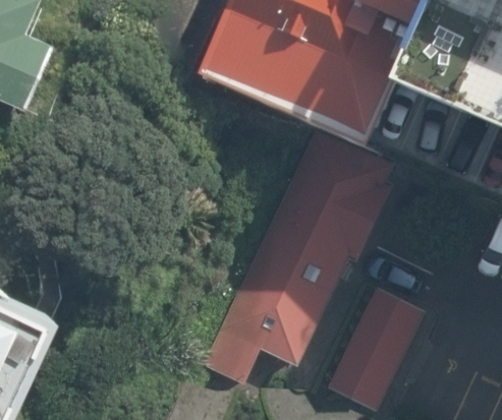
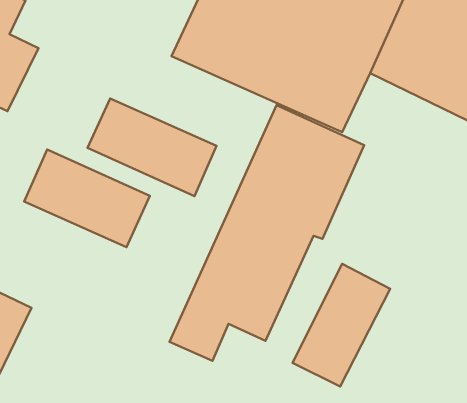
building: none -> [88,98,216,196]
building: none -> [24,149,150,247]

